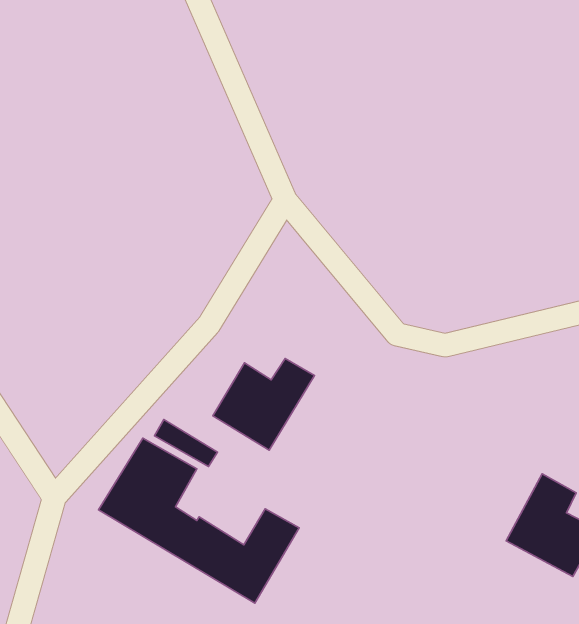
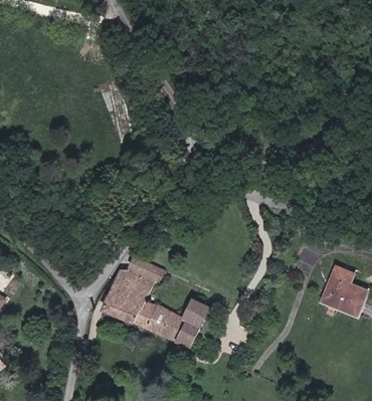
building: [213,358,315,450] -> none

